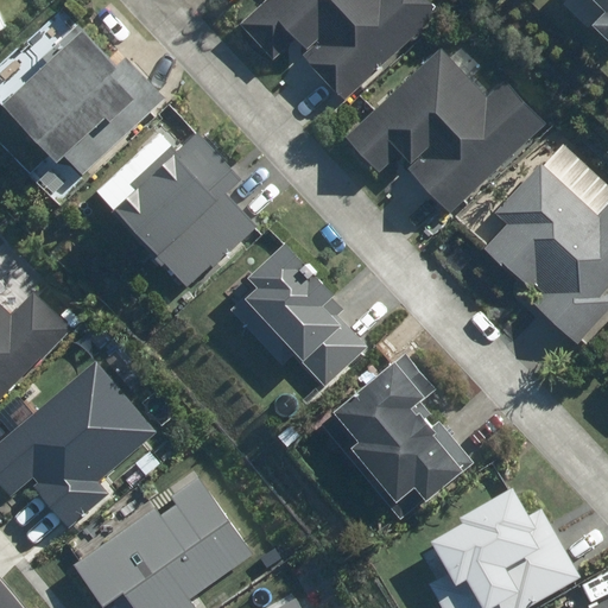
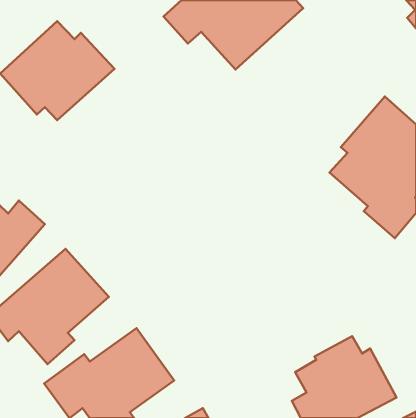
building: [344,49,546,214] -> none
building: [94,132,259,292] -> none
building: [242,243,365,382] -> none
building: [321,353,474,522] -> none

